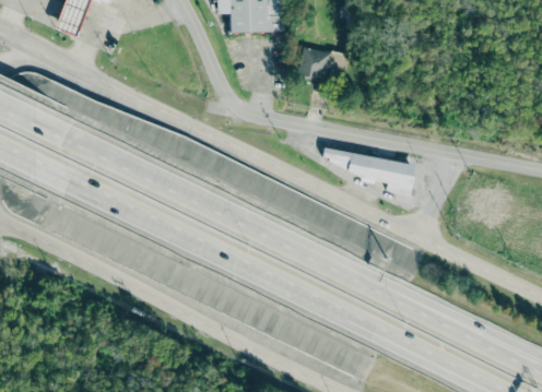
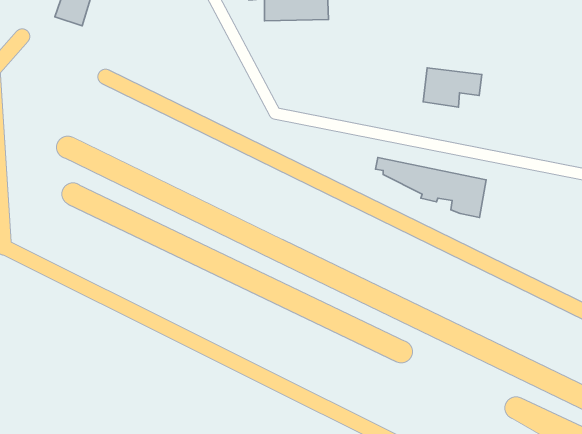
building: [298,48,347,81] -> [423,68,482,107]

